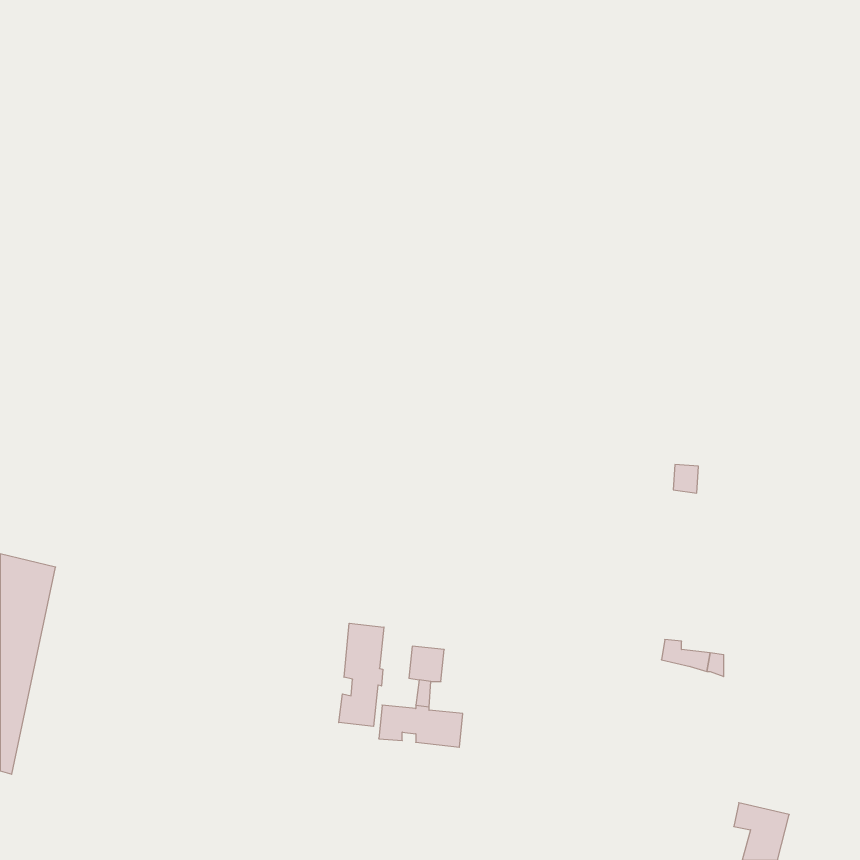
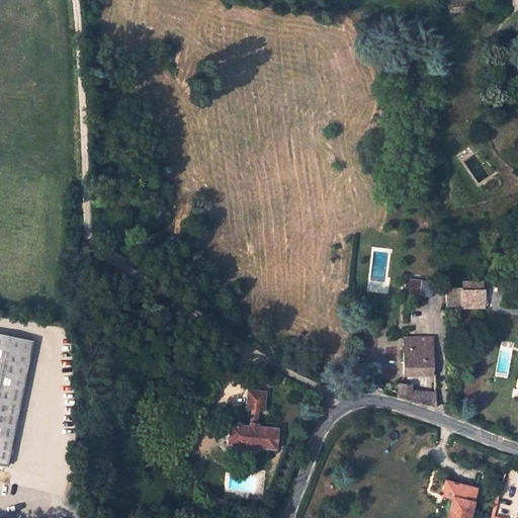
building: none -> [446,281,484,307]
building: none -> [404,338,432,374]
building: [339,623,384,726] -> none

